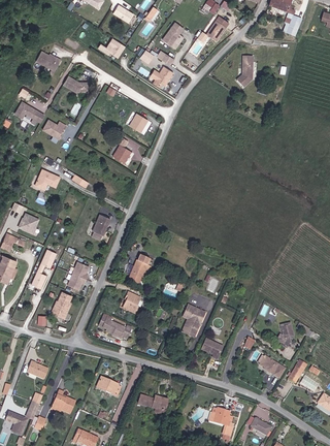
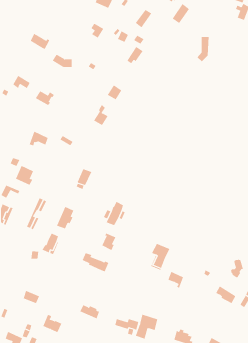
building: none -> [135,314,158,340]

